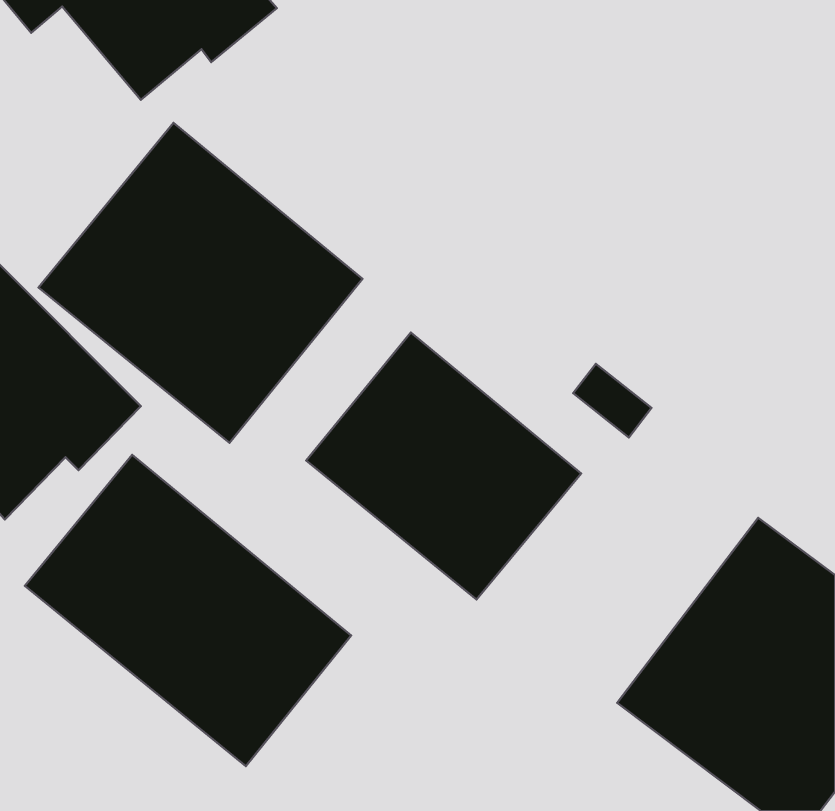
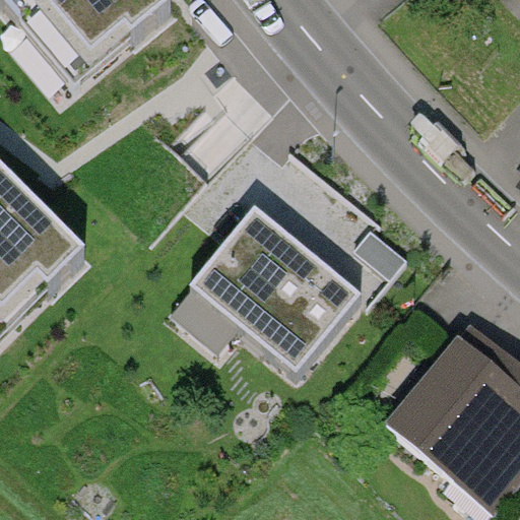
building: [38,123,363,443] -> none
building: [25,455,351,766] -> none

